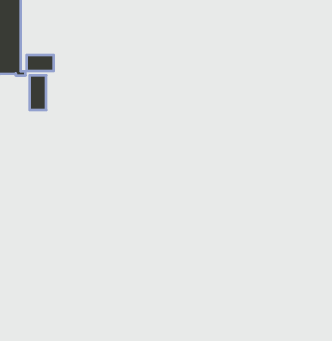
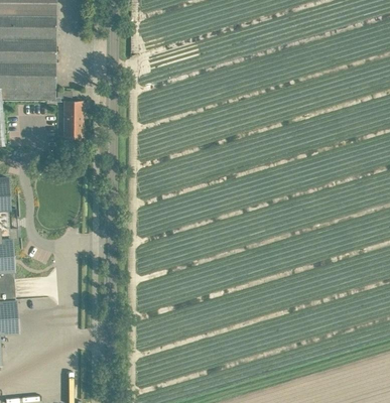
building: [27,55,54,71] -> none

